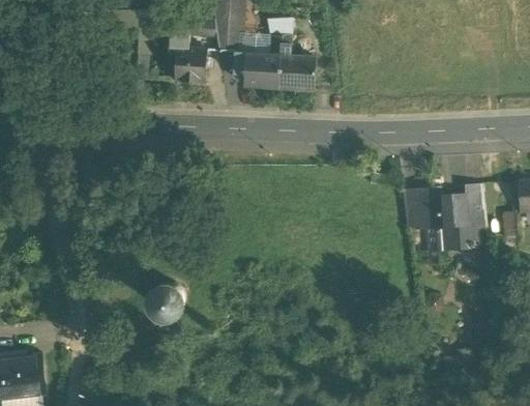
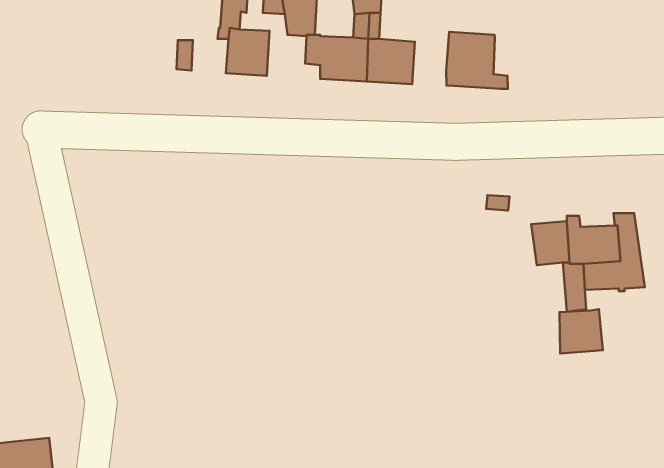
building: none -> [446,32,508,89]
building: none -> [559,309,603,354]
building: [150,281,184,314] -> none

